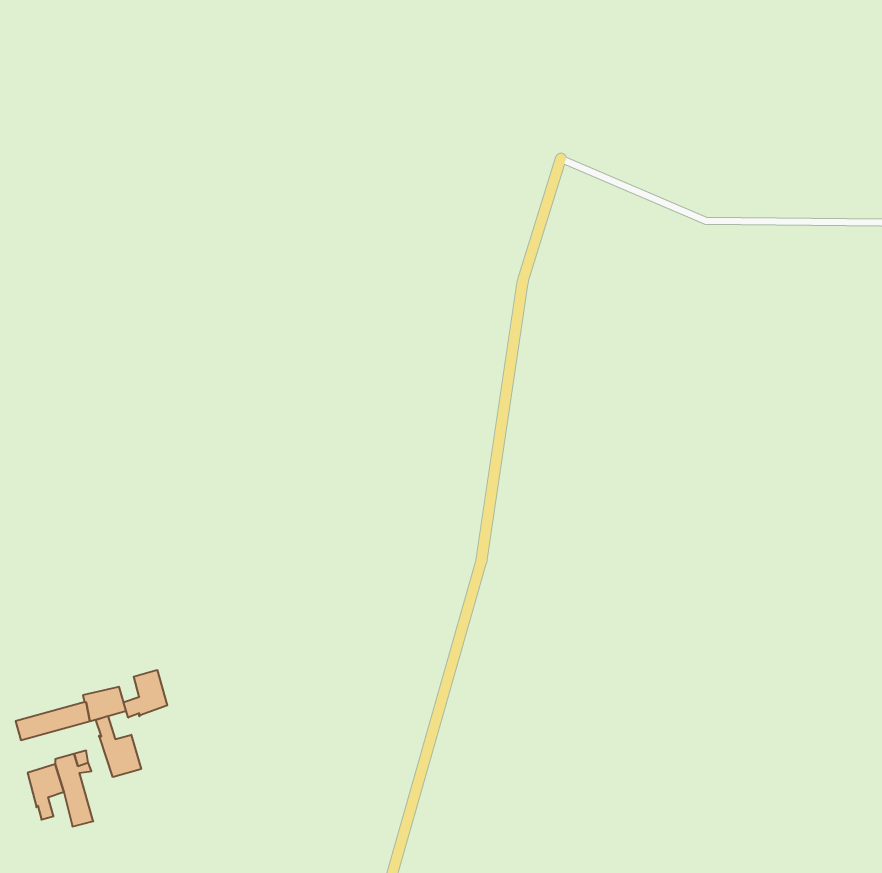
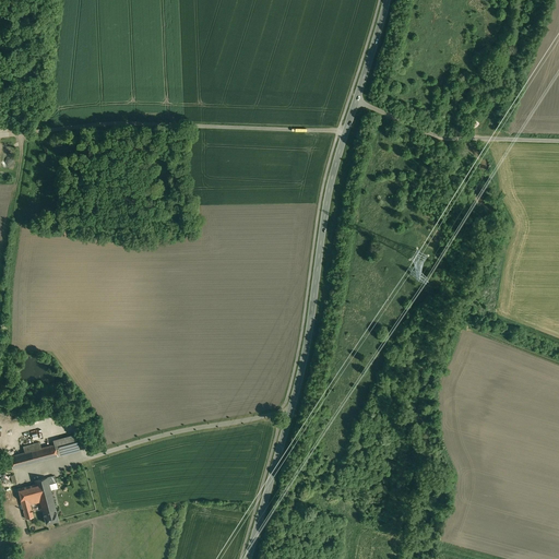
building: [124,670,167,718] -> none
building: [96,716,141,777] -> none

